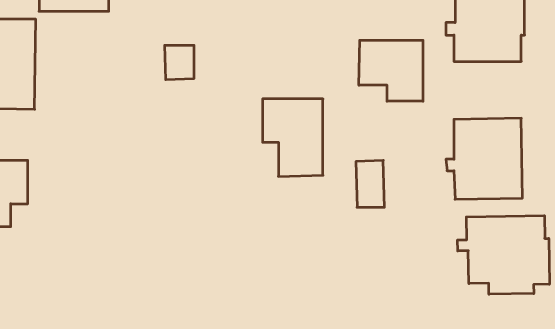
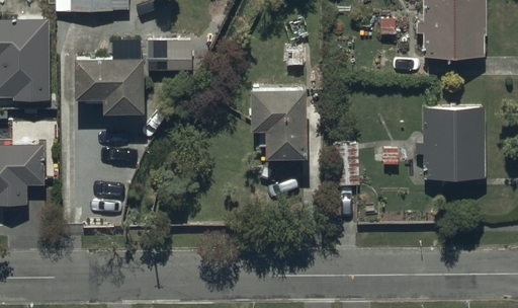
building: [359,40,423,101] -> none
building: none -> [75,43,144,112]
building: [458,216,549,294] -> none

